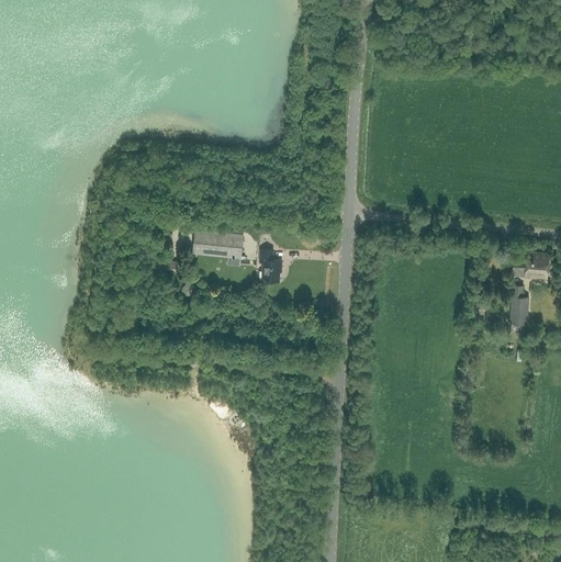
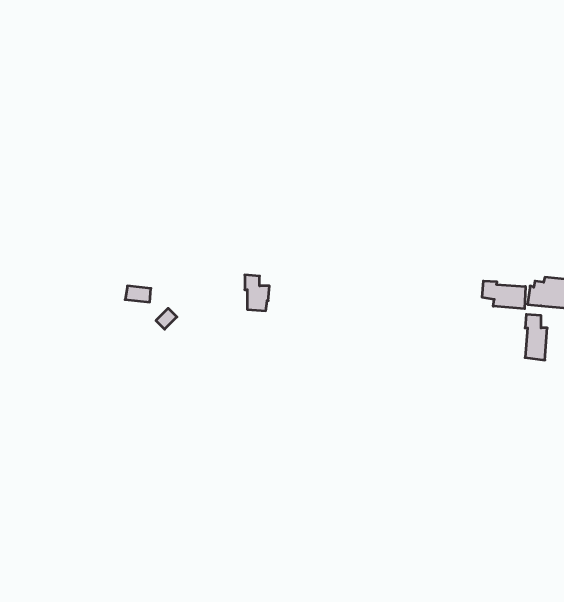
building: [192,229,244,258] -> none
building: none -> [482,281,525,309]

